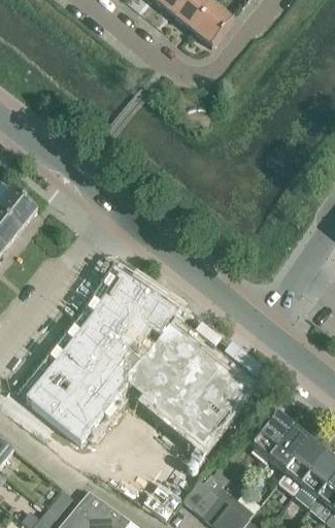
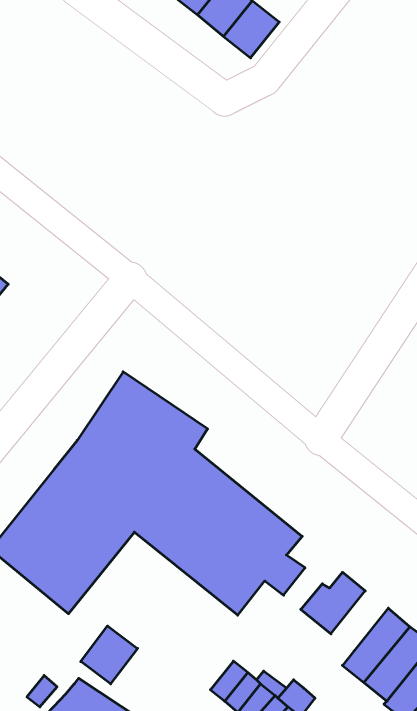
building: [269,429,310,472] -> none
building: none -> [81,626,138,684]

